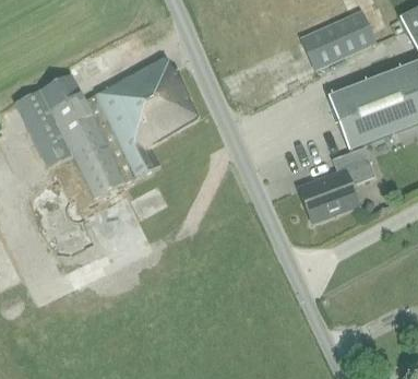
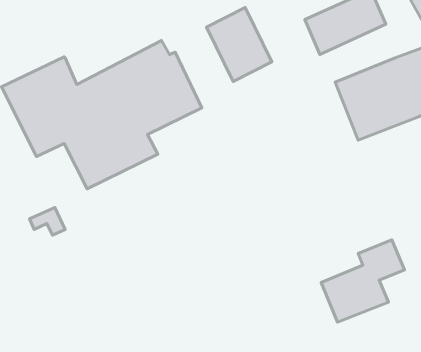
building: none -> [207,8,272,81]
building: [297,146,375,224] -> [321,240,405,322]

